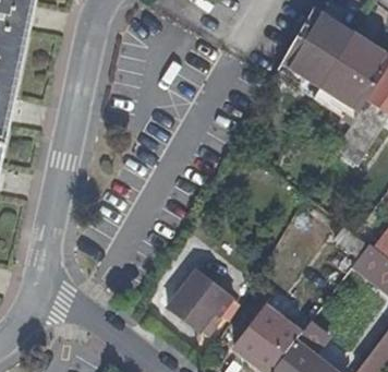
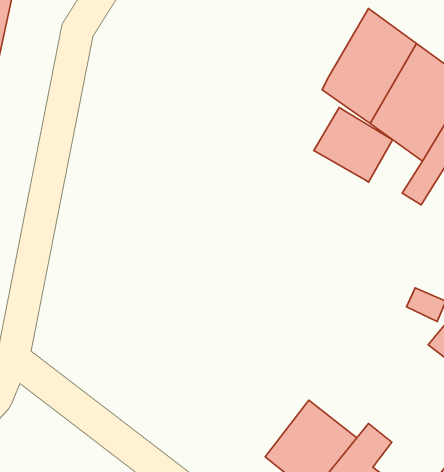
building: none -> [314,107,393,182]
building: [162,265,220,323] -> none

